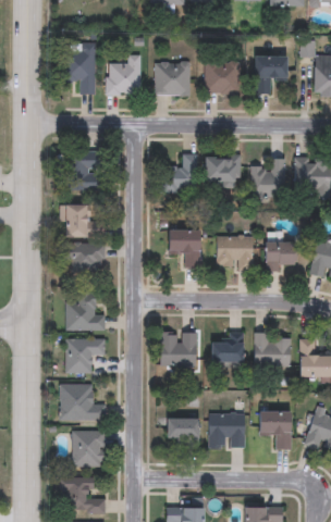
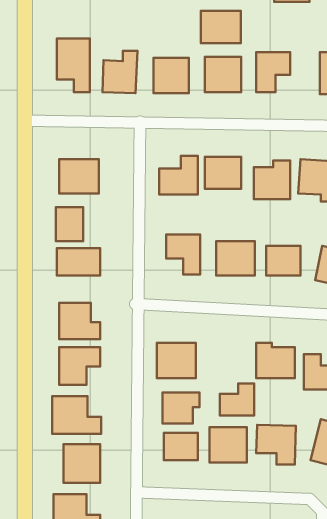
building: none -> [201,11,241,43]
building: [210,332,243,362] -> [220,384,254,416]
building: none -> [162,393,199,423]

